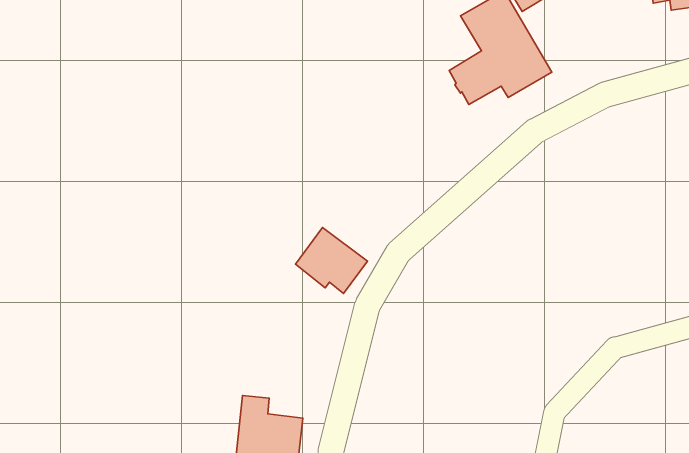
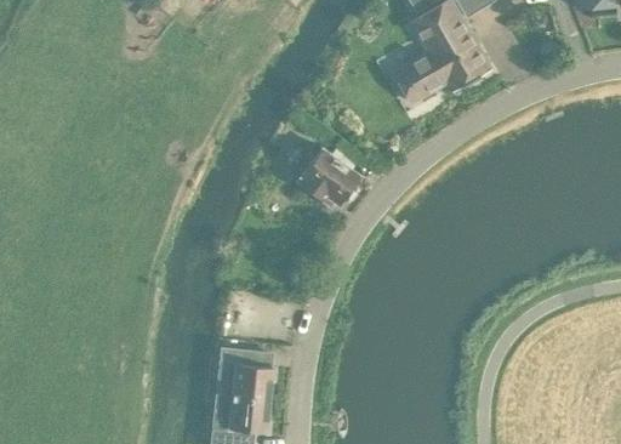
building: [296,227,367,294] -> [297,149,359,206]

